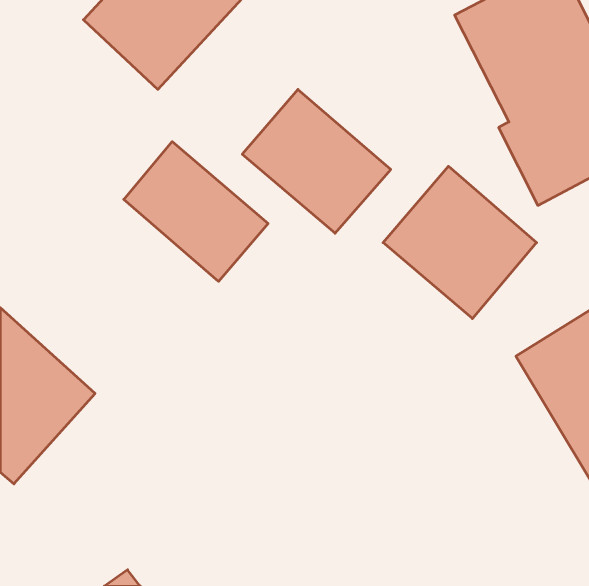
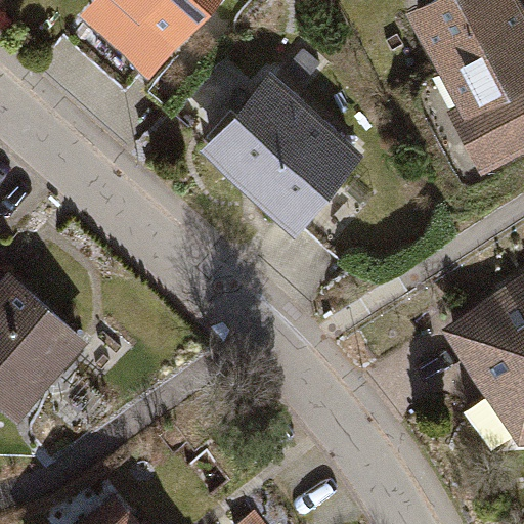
building: [124,142,268,281] -> none
building: [383,166,537,319] -> none

